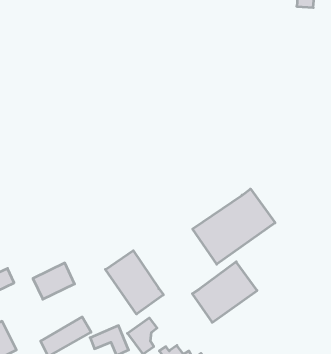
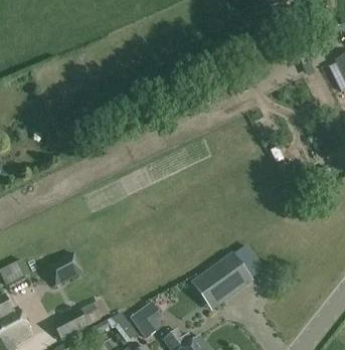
building: [193,189,275,264] -> none
building: [105,251,163,314] -> none

